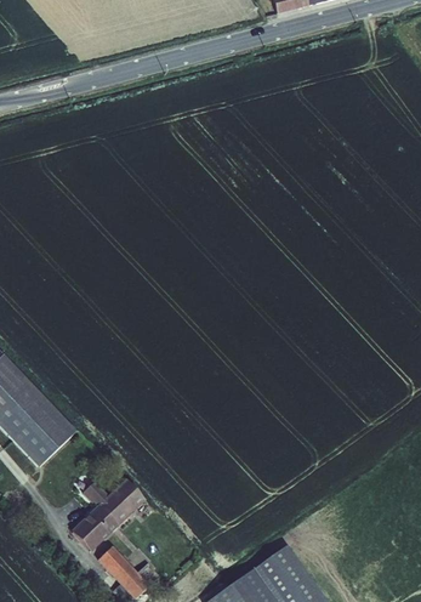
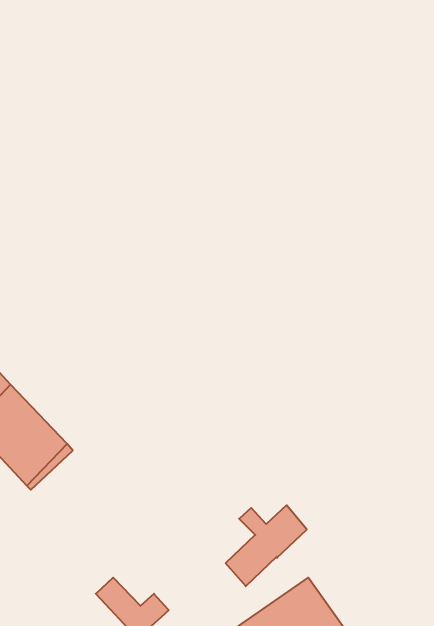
building: [72,478,144,551] -> [226,505,307,586]

